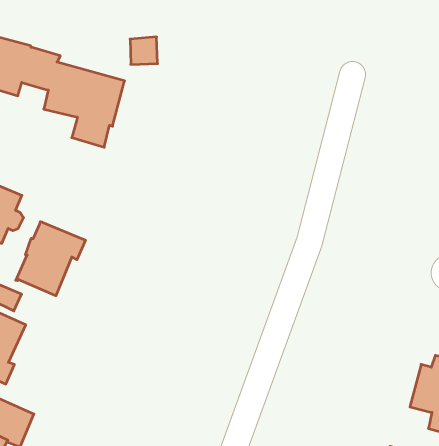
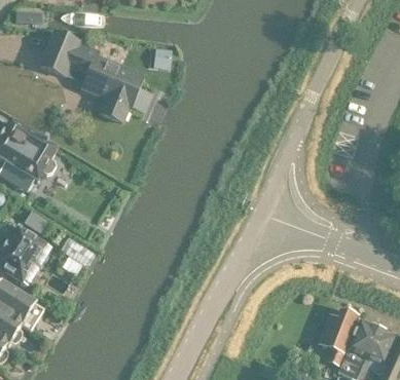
building: [16,222,85,296] -> none

